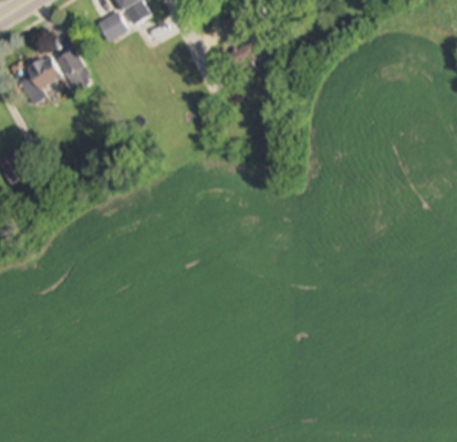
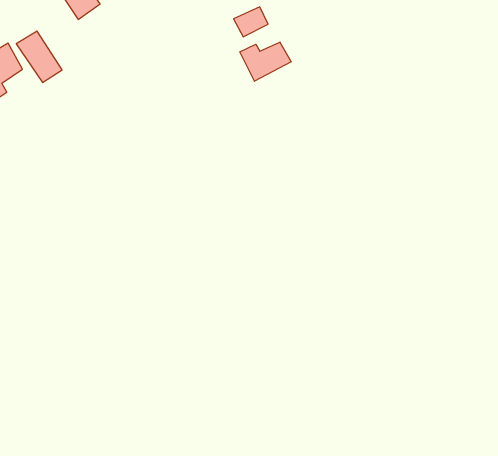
building: none -> [240,42,291,81]

